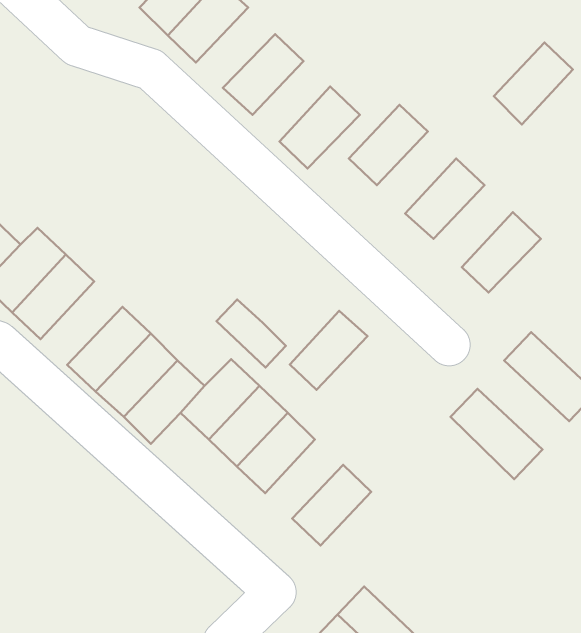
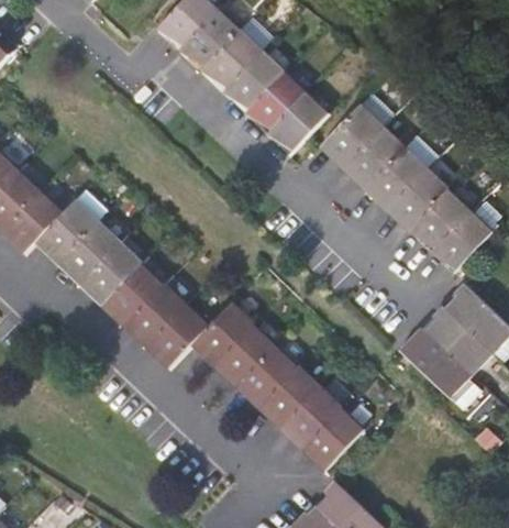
building: none -> [202,30,264,92]
building: [494,43,573,125] -> [343,127,405,190]
building: none -> [246,72,307,134]
building: none -> [387,168,449,232]
building: none -> [430,210,494,274]
building: none -> [81,243,145,308]
building: [217,300,286,368] -> none
building: [290,311,367,390] -> [256,366,317,428]
building: none -> [421,305,493,374]
building: none -> [299,407,361,470]

